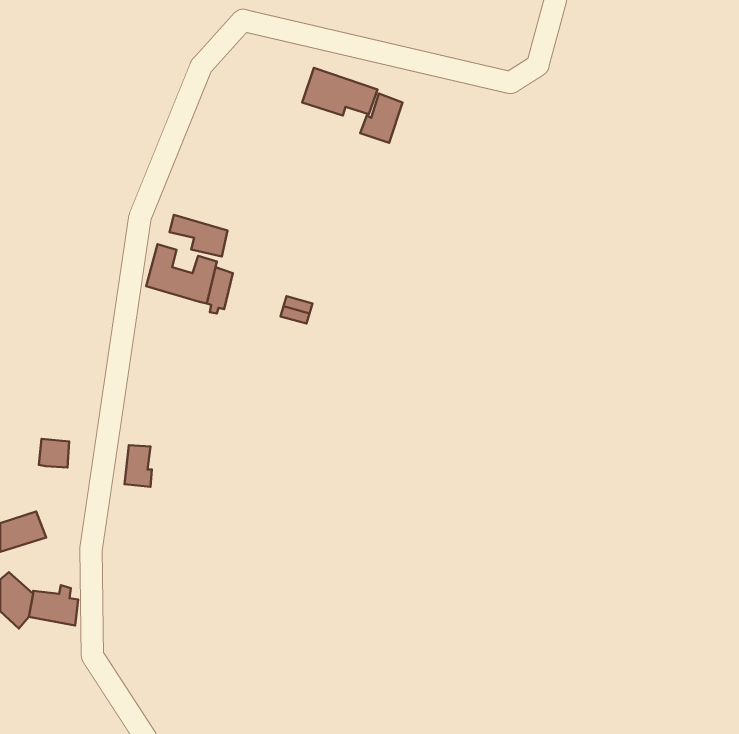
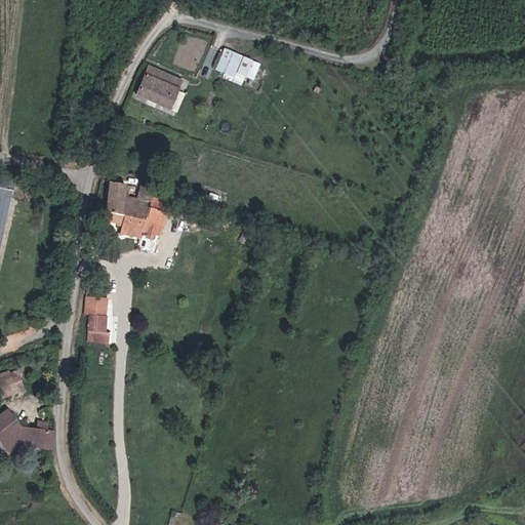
building: [360,94,403,143] -> none
building: none -> [142,70,175,109]
building: [170,215,227,257] -> [100,206,142,236]
building: [39,439,69,468] -> [86,299,108,320]

